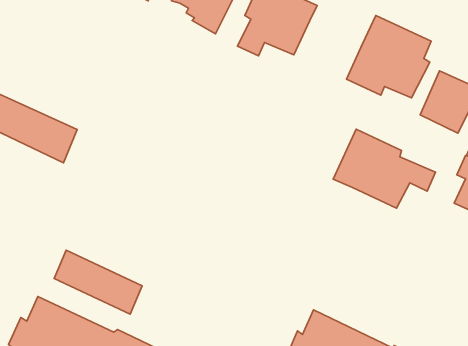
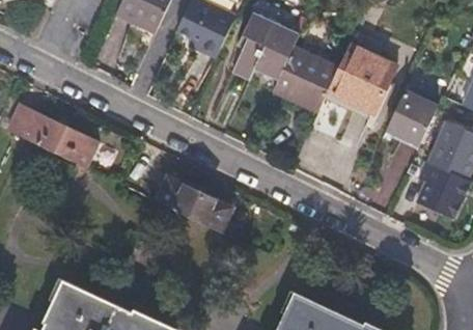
building: none -> [274,47,338,109]
building: [333,129,435,208] -> none
building: [54,250,142,314] -> [155,175,229,229]

